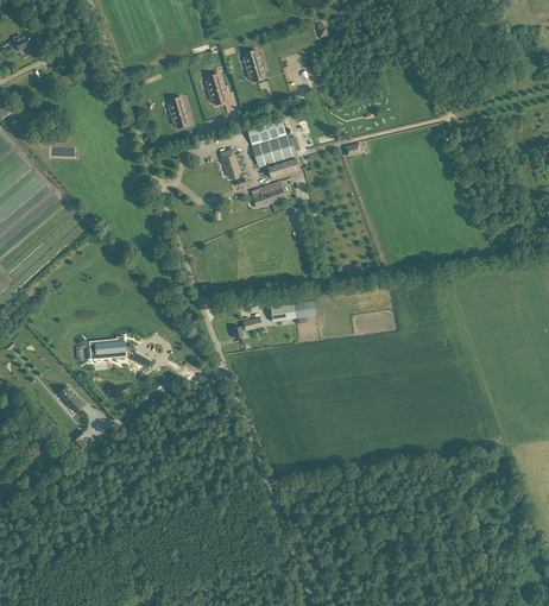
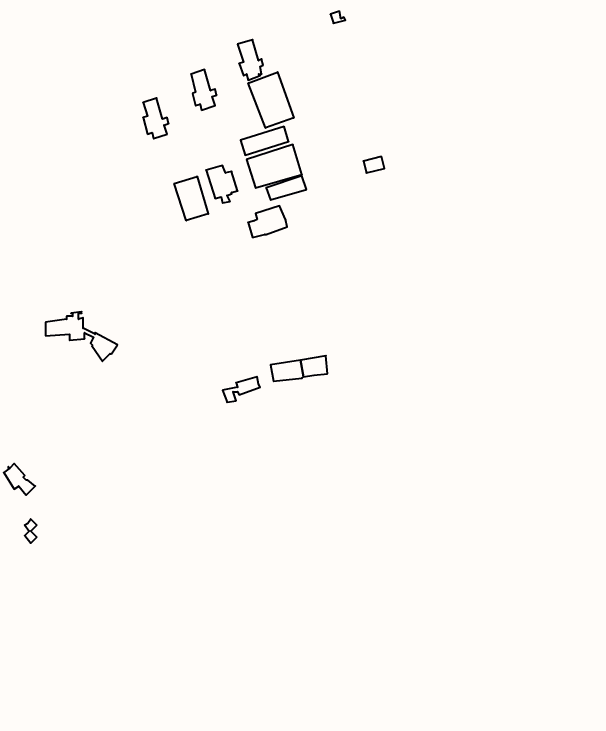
building: none -> [248,72,294,128]
building: none -> [174,176,208,221]
building: [95,334,152,373] -> [46,312,117,361]

